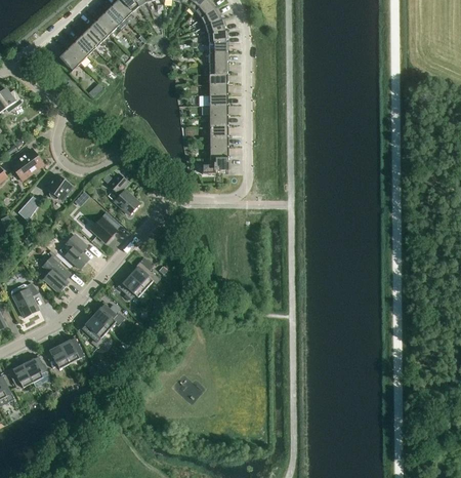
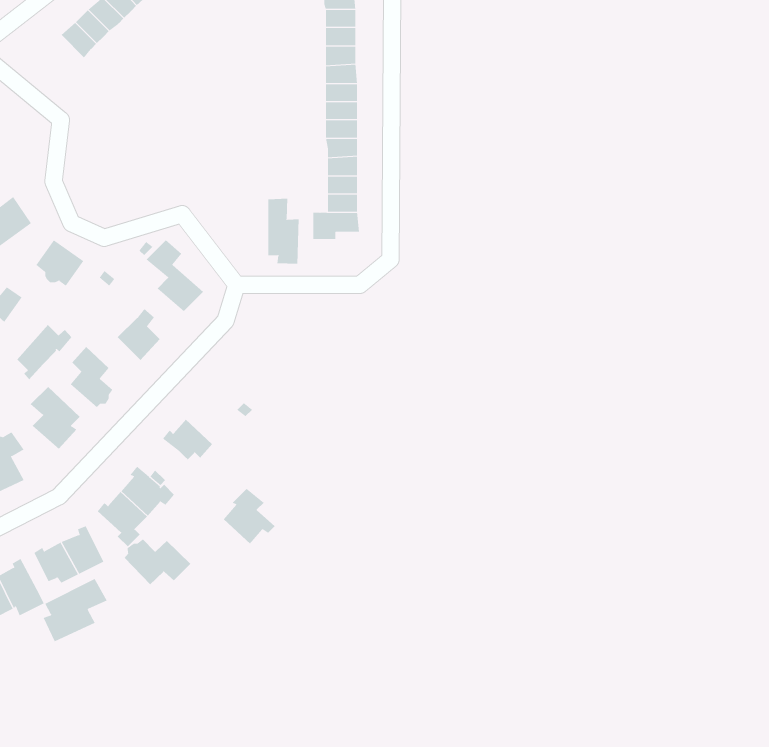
building: none -> [268,198,299,265]
building: none -> [16,324,72,380]
building: [130,256,160,288] -> [223,488,275,544]
building: none -> [124,538,191,585]
building: none -> [43,578,107,642]

